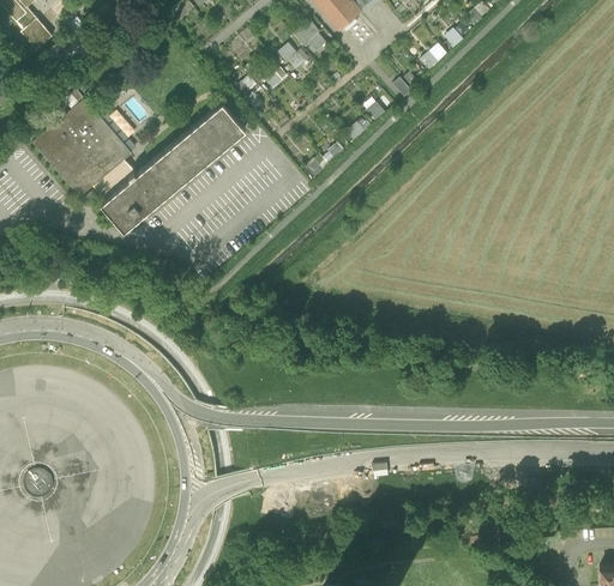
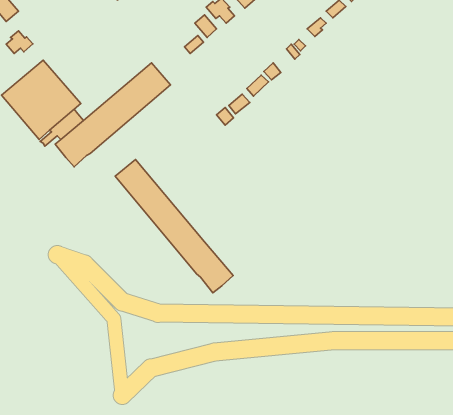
building: none -> [6,31,33,54]
building: none -> [115,160,233,293]

